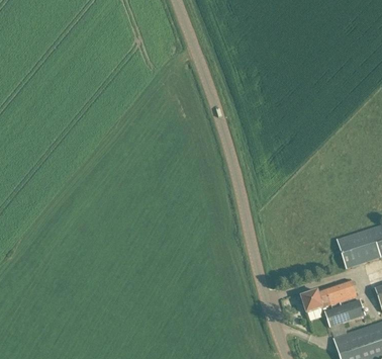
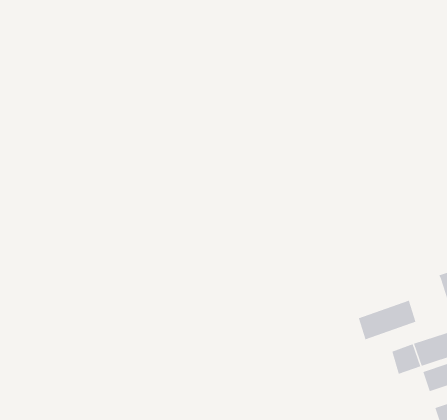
building: none -> [358,300,416,340]

